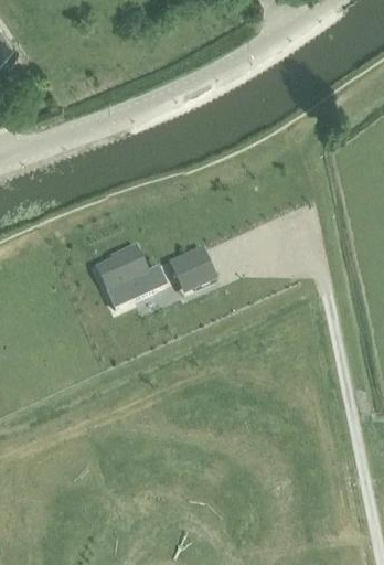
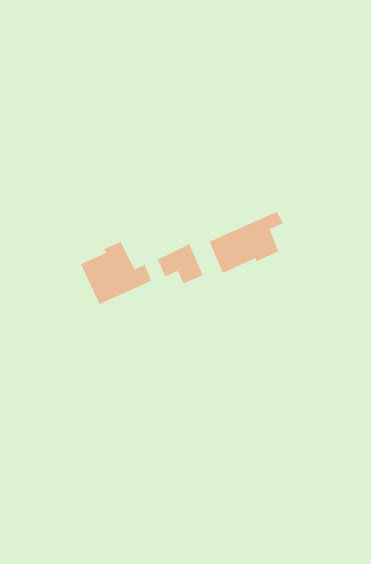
building: none -> [209,211,284,274]

